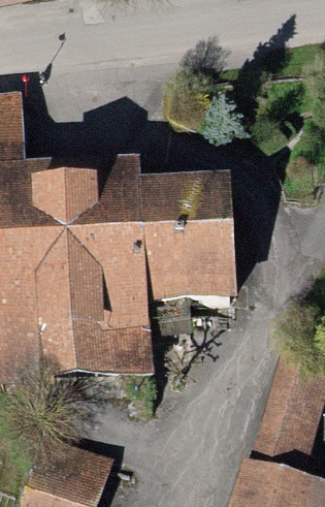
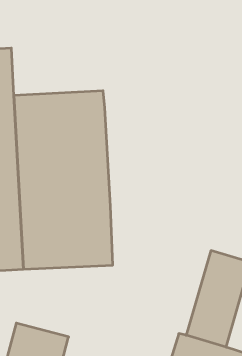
building: [143,167,238,298] -> none

